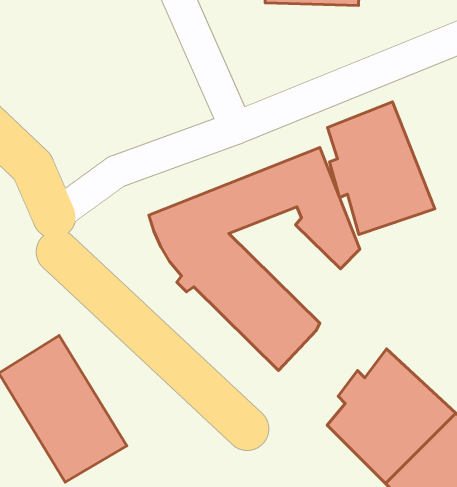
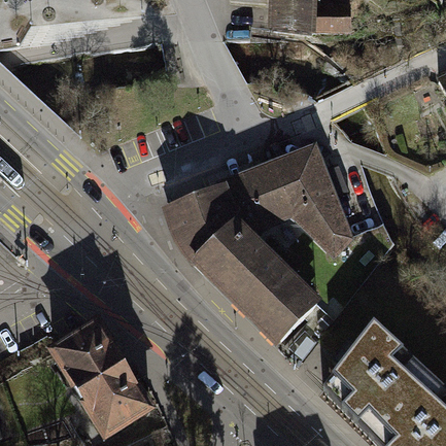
building: [327,102,435,235] -> none

